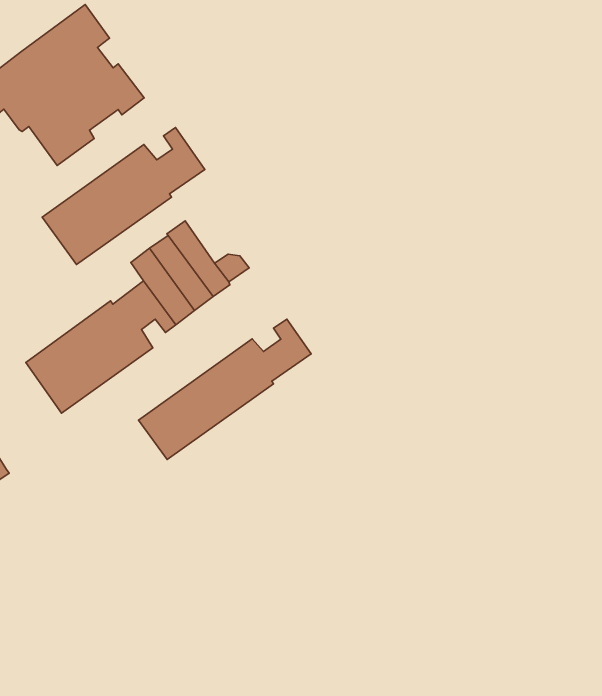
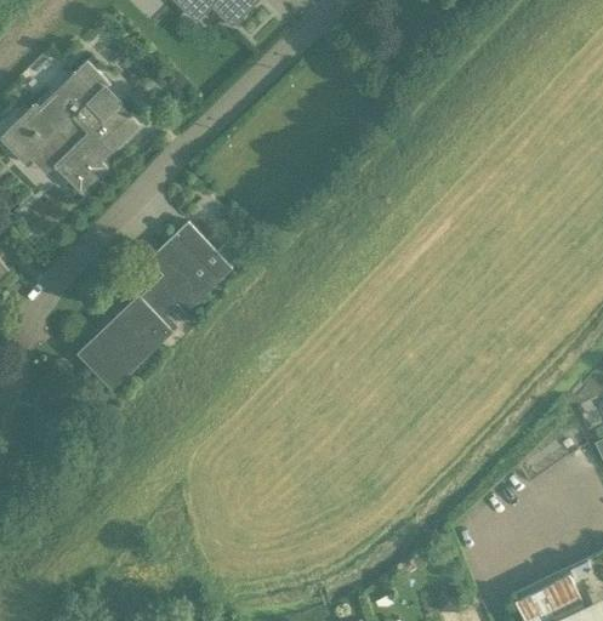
building: [42,128,205,264] -> none
building: [139,319,311,459] -> none

